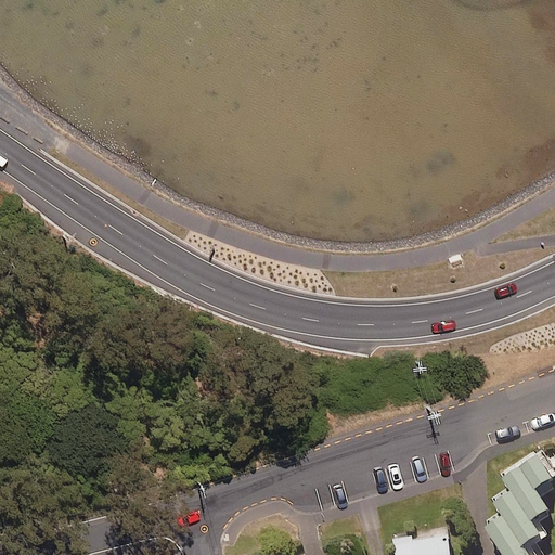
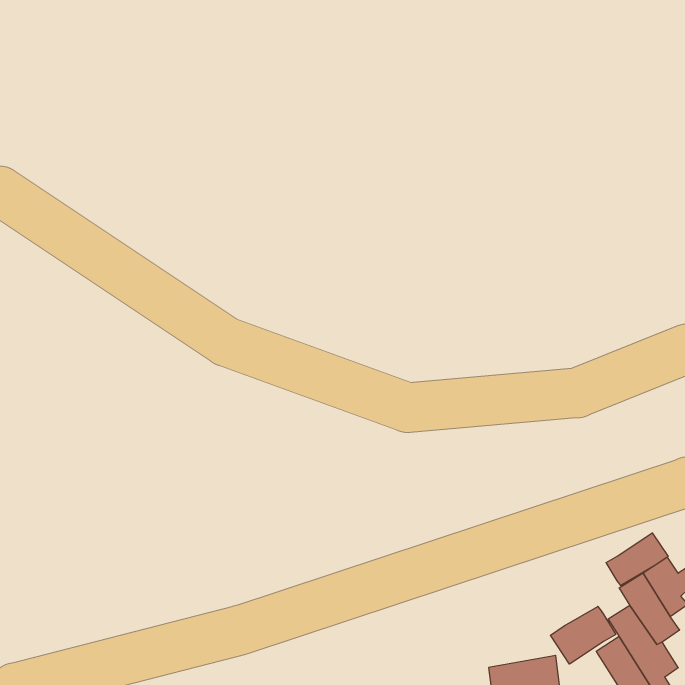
building: none -> [606,533,668,586]
building: none -> [550,606,616,664]

